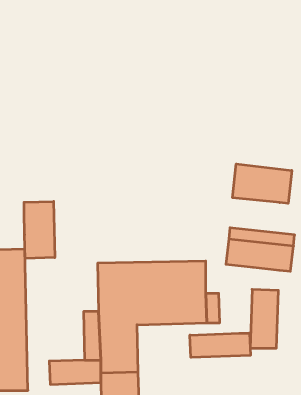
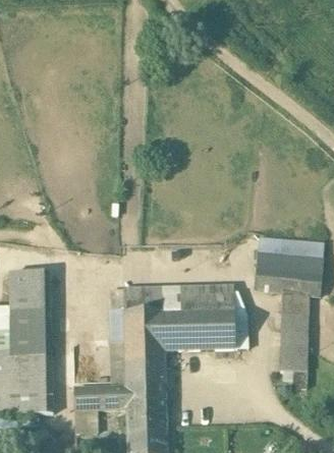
building: [233,164,292,203] -> none
building: [24,201,55,258] -> none
building: none -> [279,287,307,310]
building: [190,333,250,357] -> none

